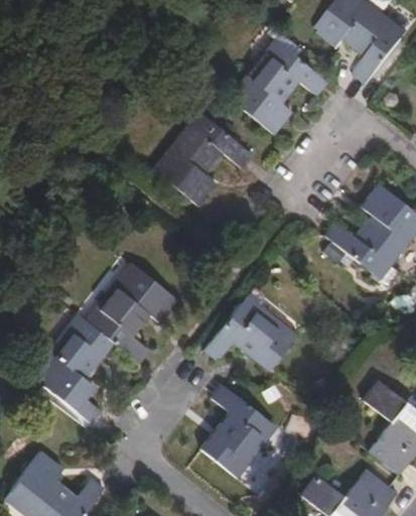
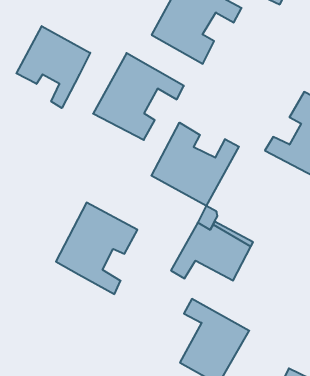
building: none -> [16,26,90,108]
building: none -> [151,123,239,206]
building: [33,310,106,418] -> none

